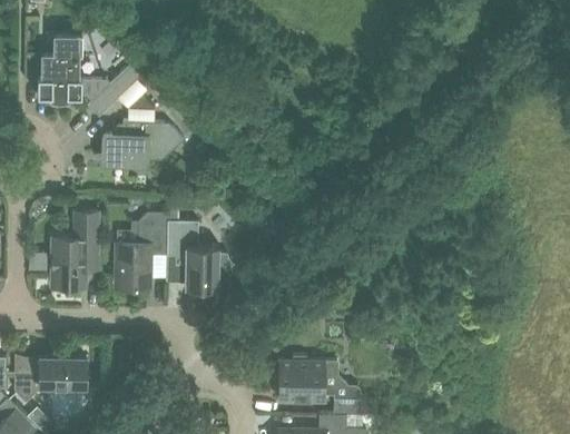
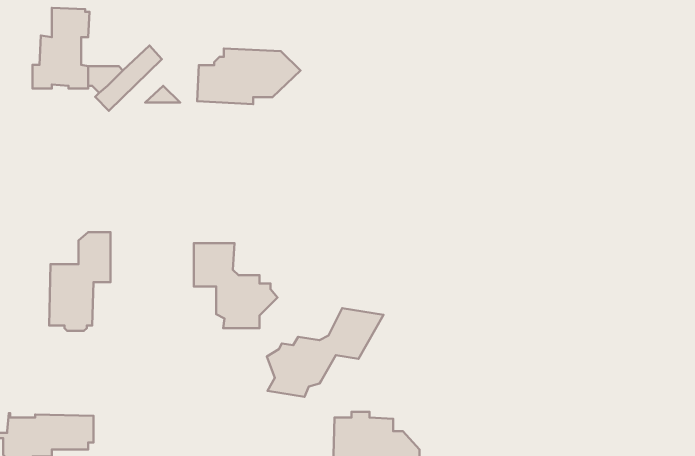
building: [101,122,184,167] -> [197,48,300,104]
building: [107,215,166,289] -> none
building: none -> [267,308,383,397]

